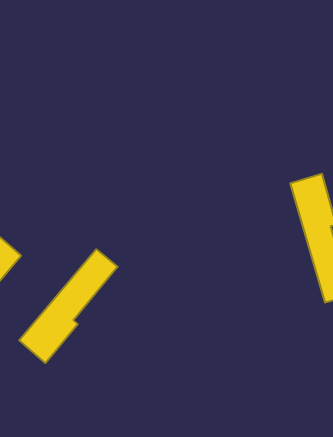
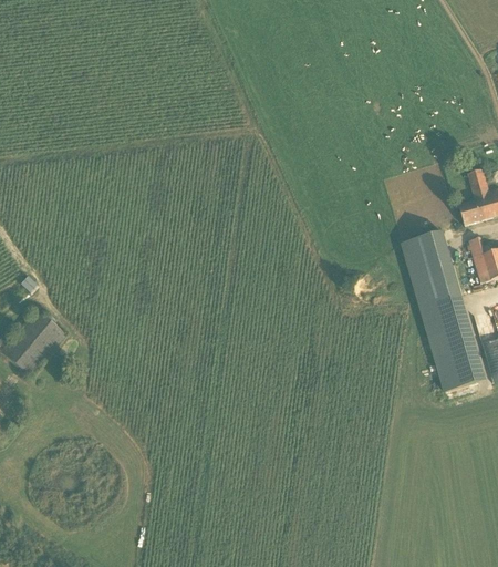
building: [19,249,118,363] -> none

